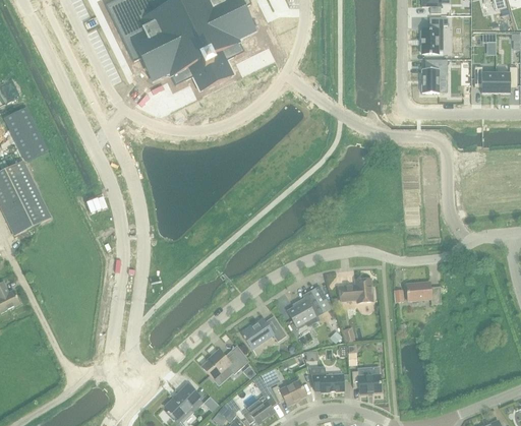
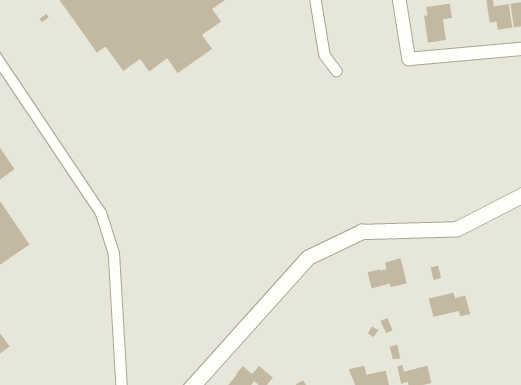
building: [405,282,441,304] -> [428,292,471,318]
building: [286,287,329,330] -> none
building: [239,316,285,354] -> none

